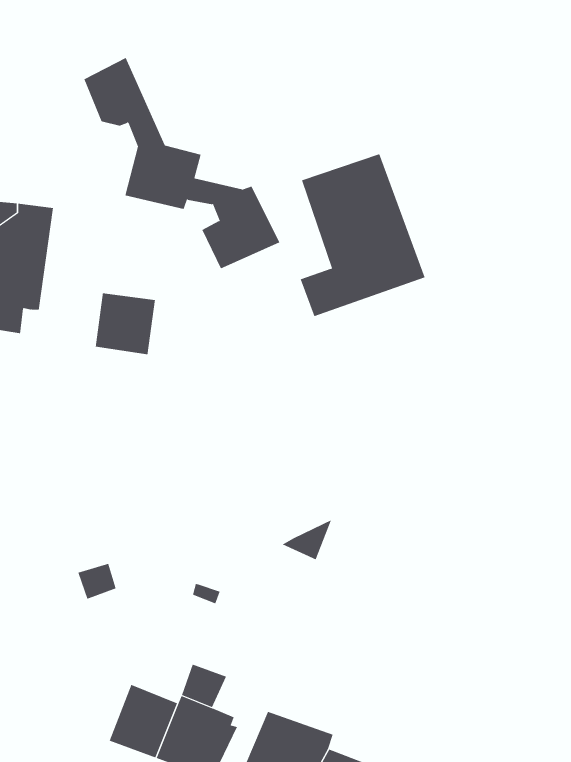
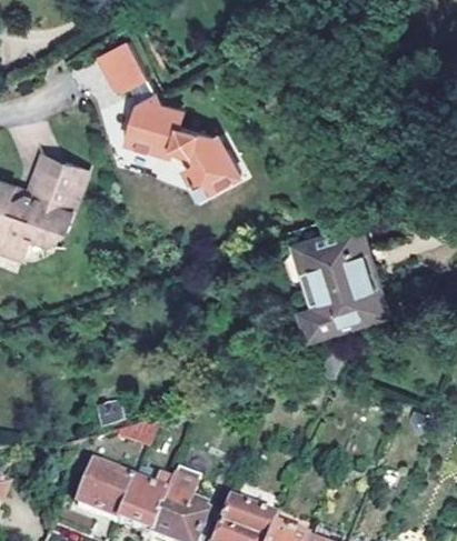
building: [300,153,425,317] -> [298,226,387,341]
building: [95,292,156,355] -> none
building: none -> [77,469,131,524]

